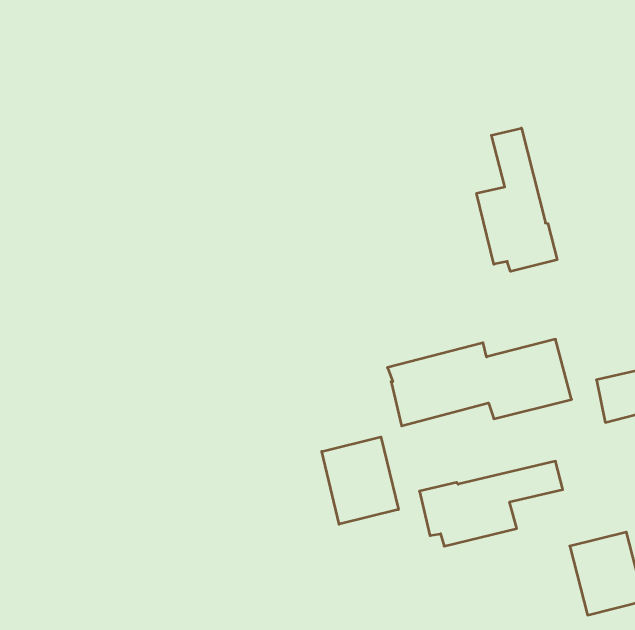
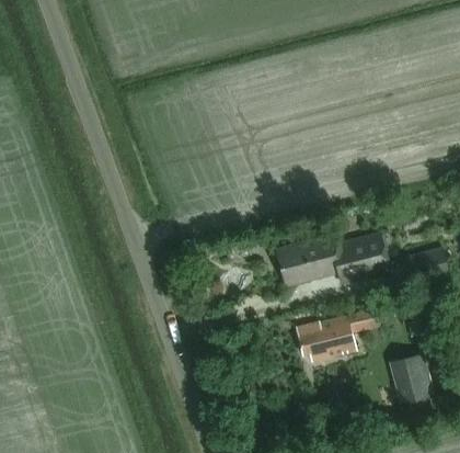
building: [477,128,557,271] -> none
building: [322,437,398,524] -> none

